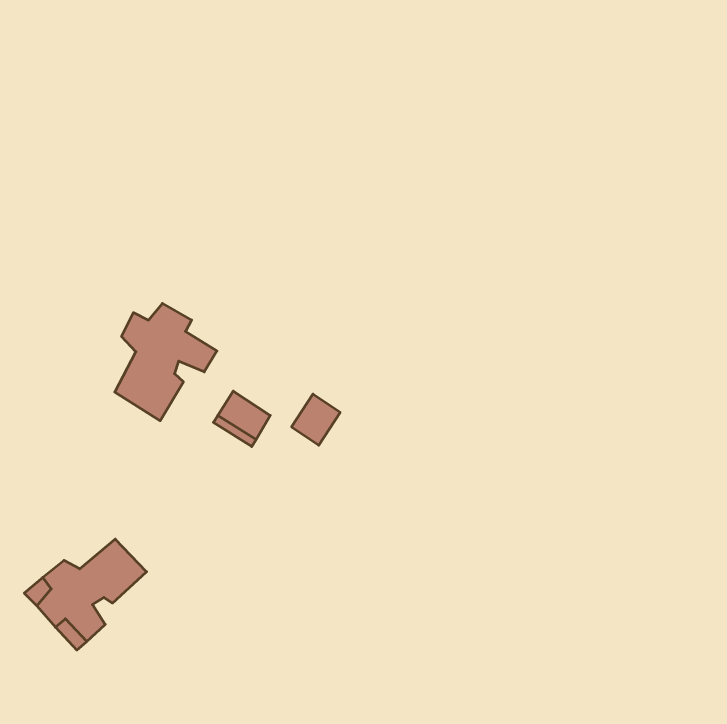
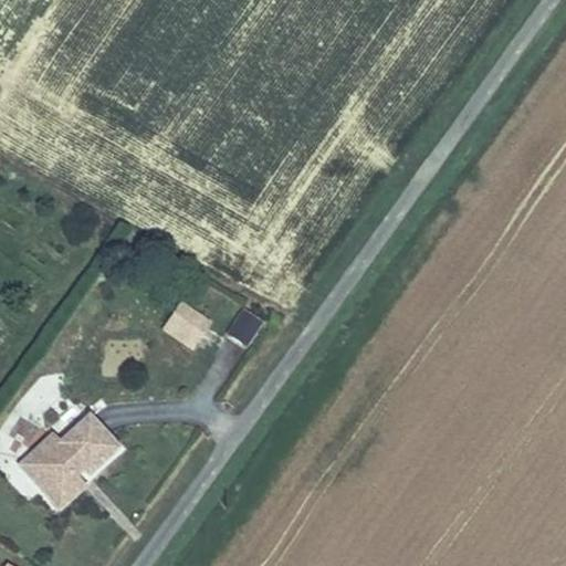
building: [115,303,217,421] -> none

